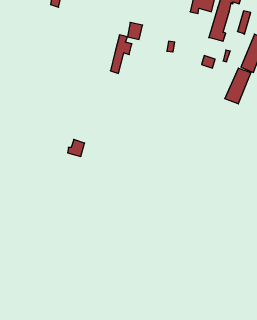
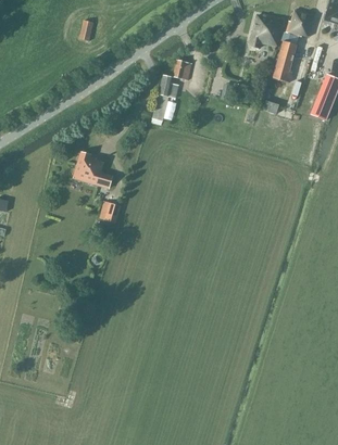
building: [225,68,251,104] -> none
building: none -> [73,152,112,189]

